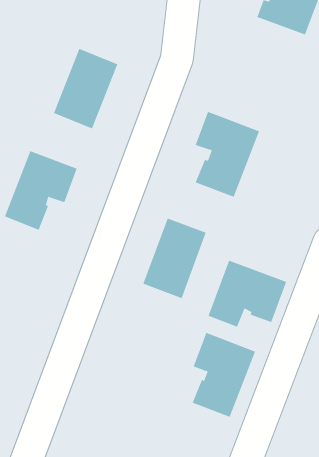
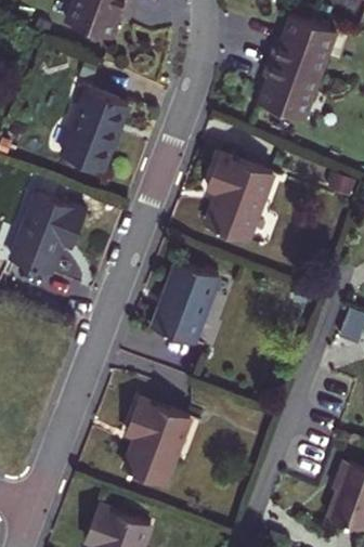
building: none -> [259,58,320,121]
building: [208,260,287,327] -> none
building: [192,332,256,418] -> [125,399,190,485]

